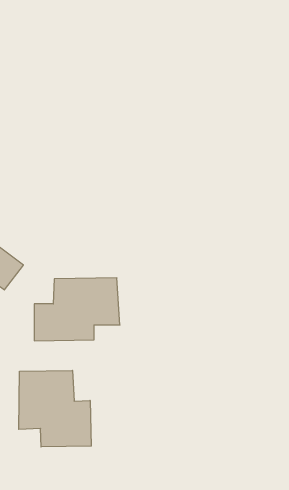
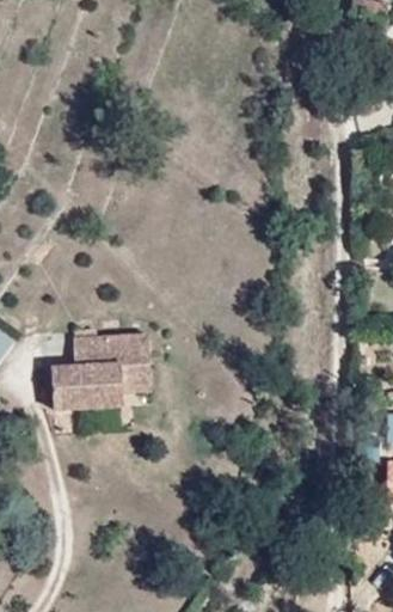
building: [19,370,91,447] -> none

